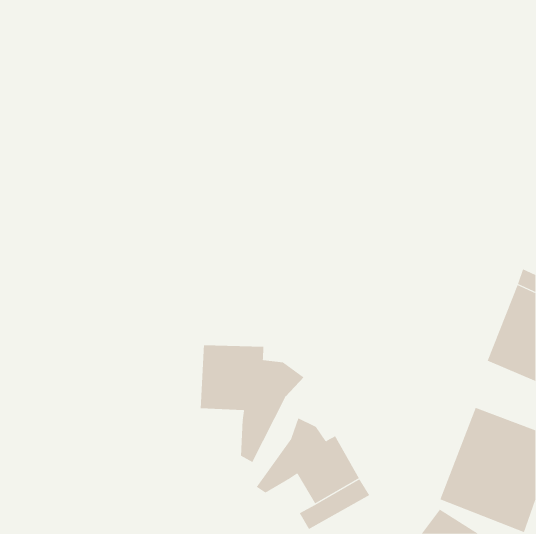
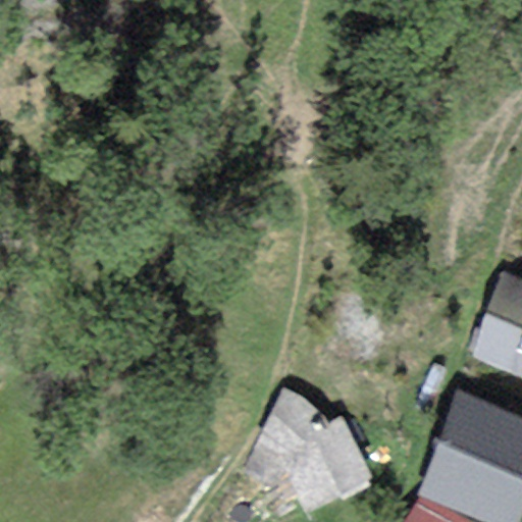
building: [200,345,304,463] -> none

